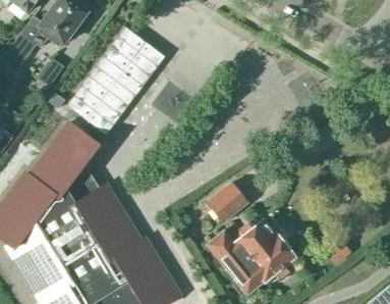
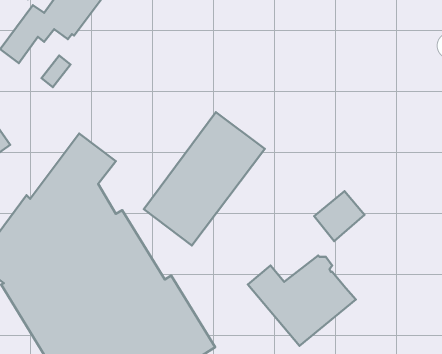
building: [67,27,165,135] -> [144,112,265,245]
building: [207,183,247,223] -> [314,191,364,241]

